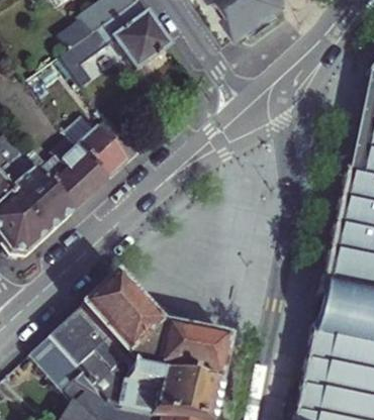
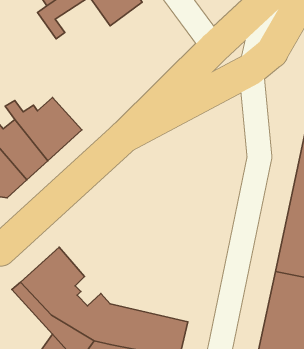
building: [73,131,133,184] -> none
building: [80,275,228,389] -> none

